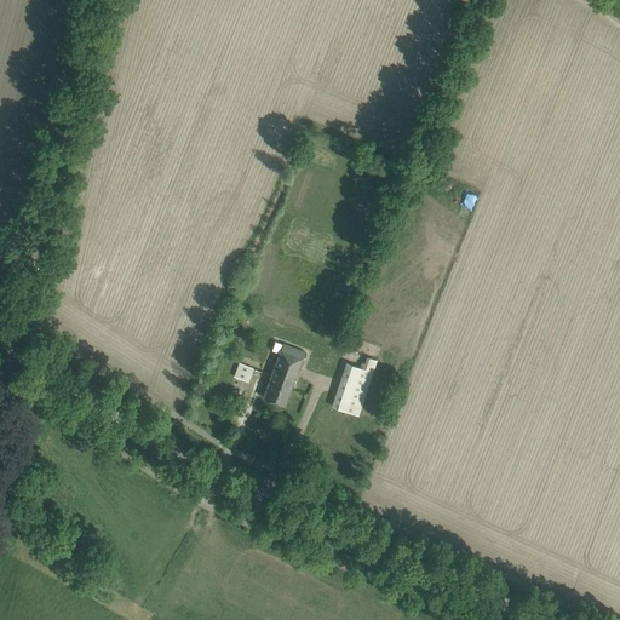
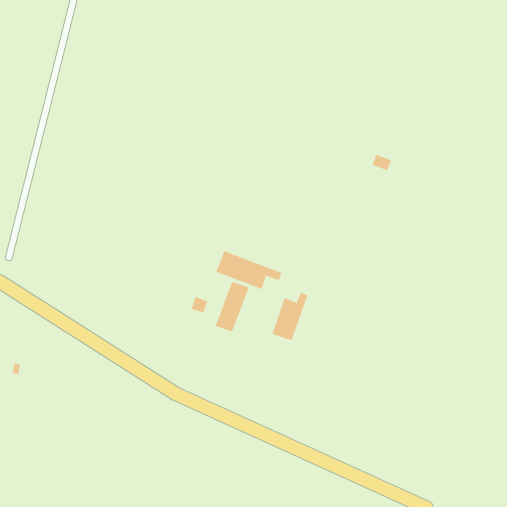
building: none -> [216,251,282,290]

